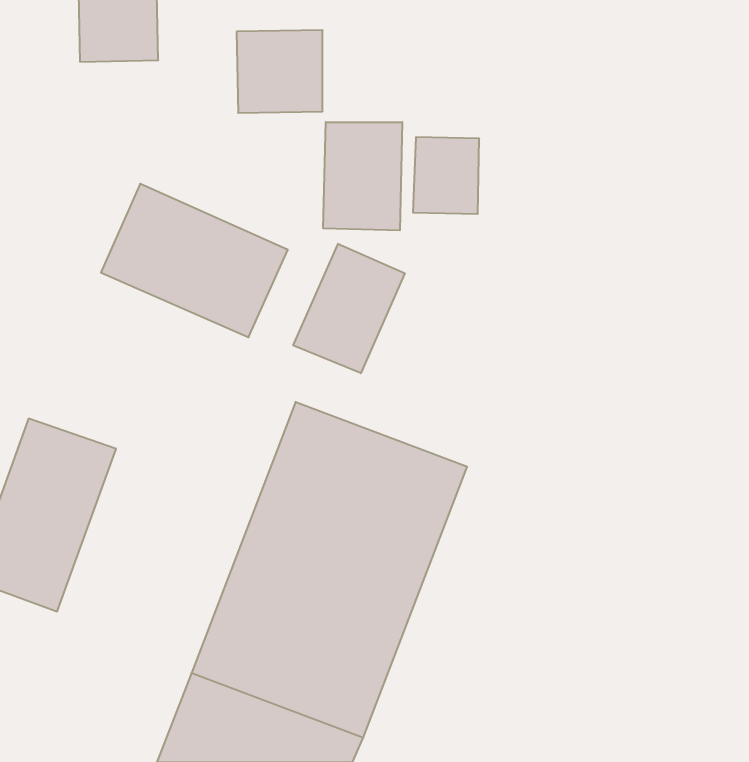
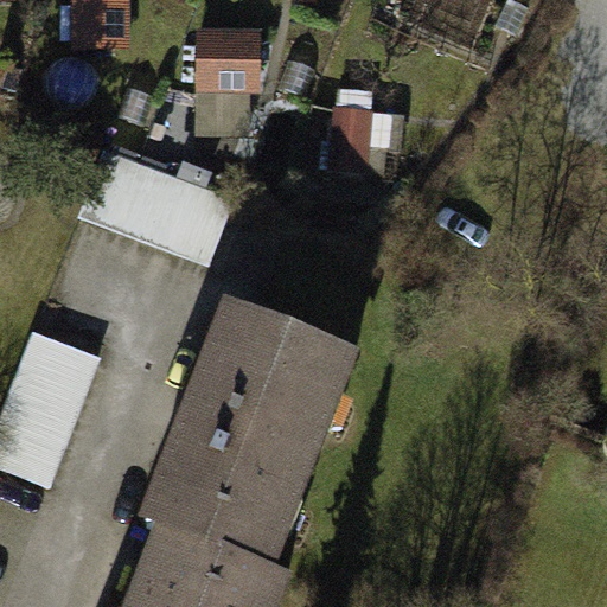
building: [323,122,402,230] -> none
building: [293,244,405,373] -> none

